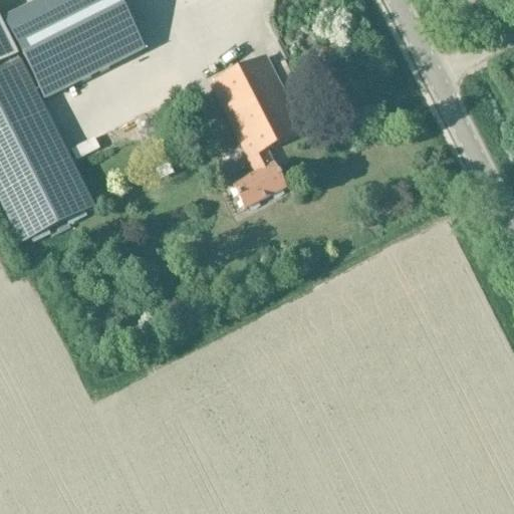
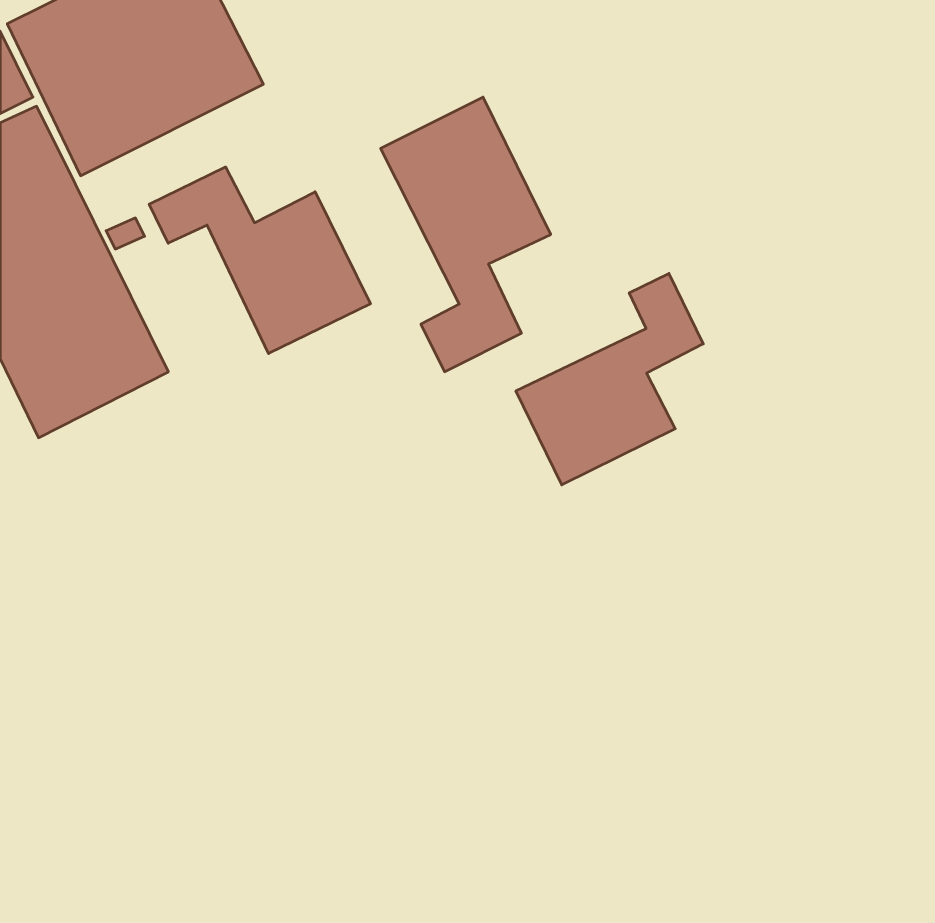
building: none -> [149,167,370,354]
building: none -> [516,273,703,485]

